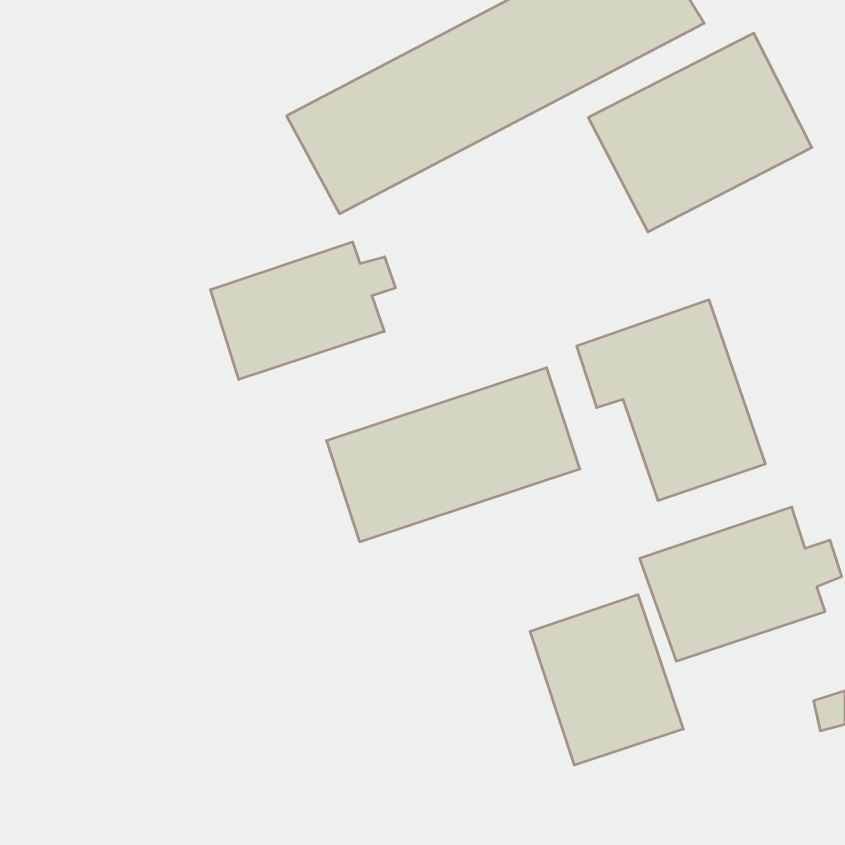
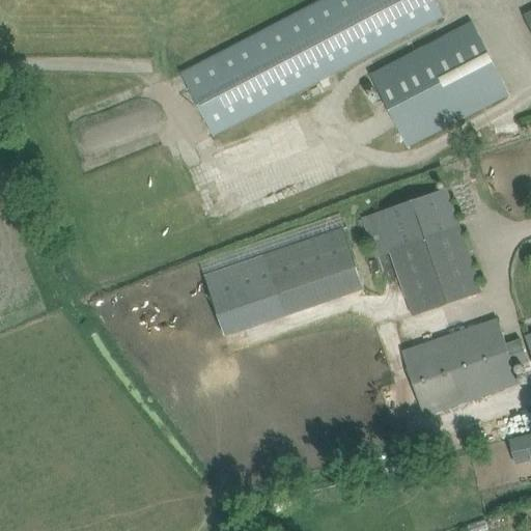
building: [211,242,395,380] -> none
building: [530,595,683,765] -> none

